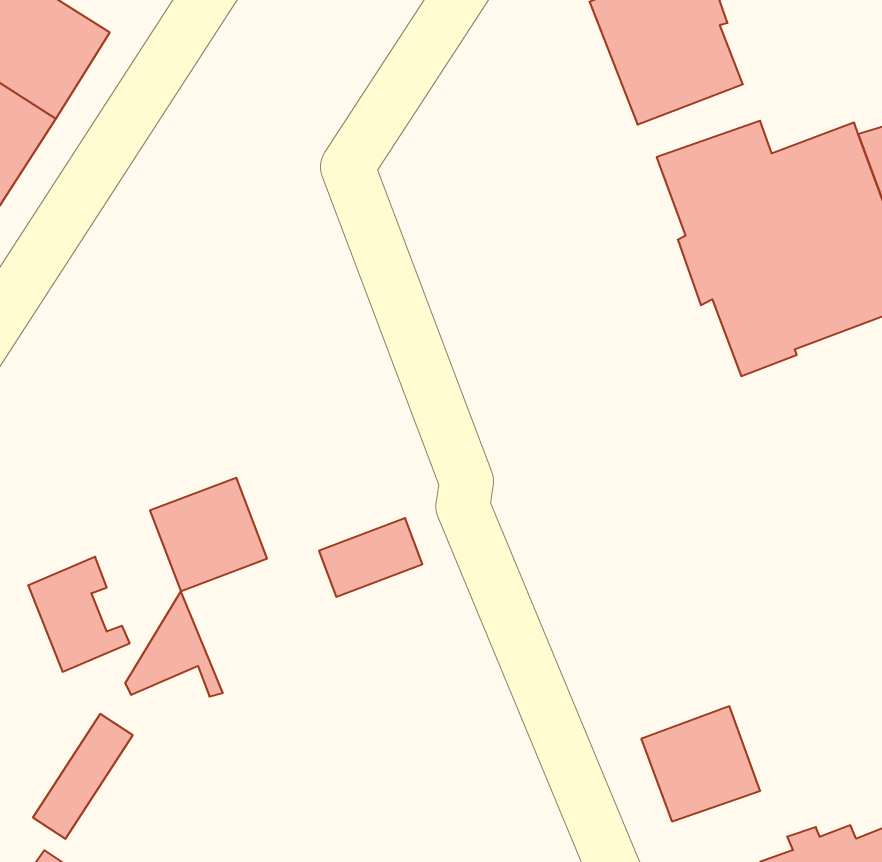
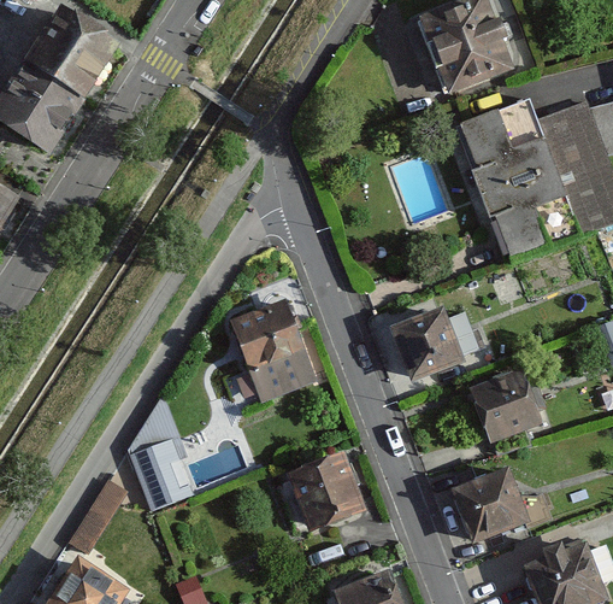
building: none -> [391,307,462,379]
building: [150,478,267,591] -> [230,299,303,370]
building: none -> [471,370,541,450]
building: [28,557,130,672] -> [131,442,195,515]
building: none -> [289,452,364,528]

